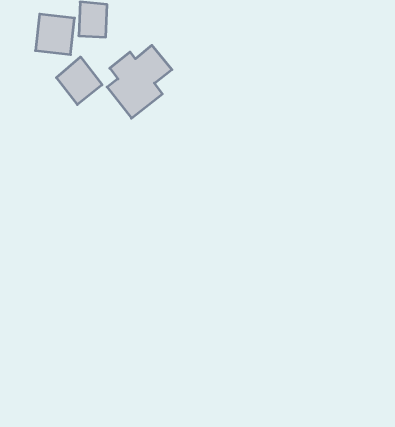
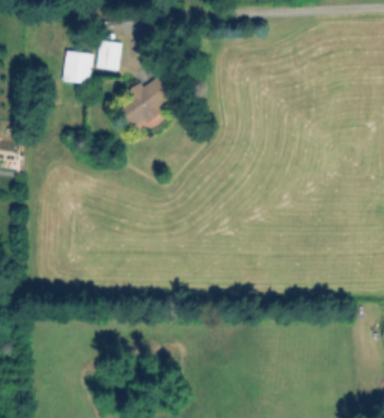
building: [56,57,102,105] -> none

